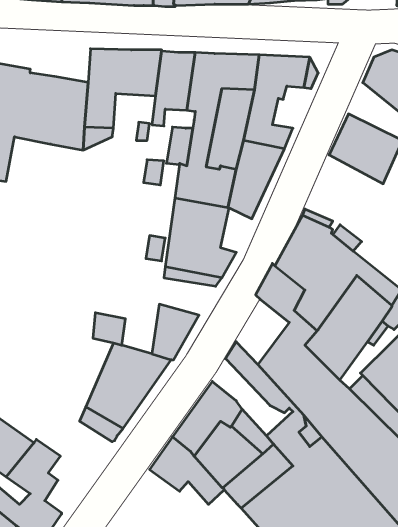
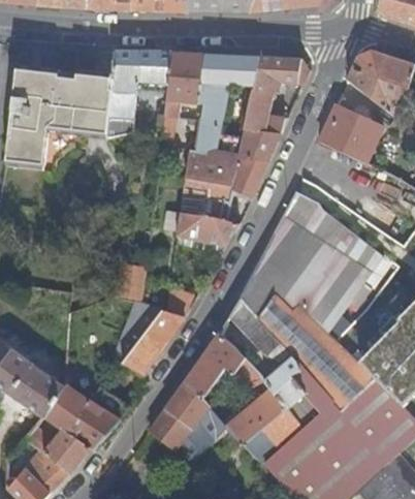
building: none -> [240,264,285,320]
building: none -> [75,399,120,450]
building: none -> [150,410,191,449]

